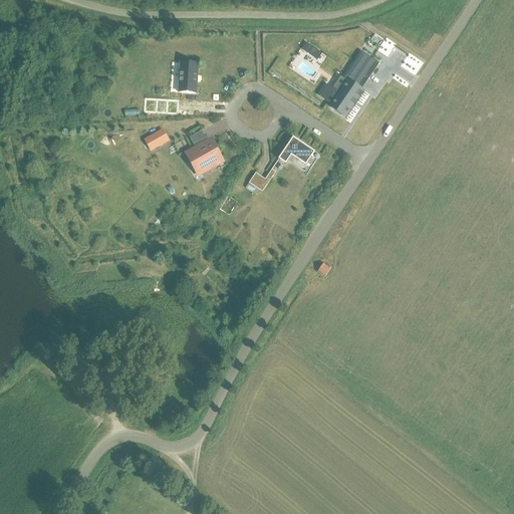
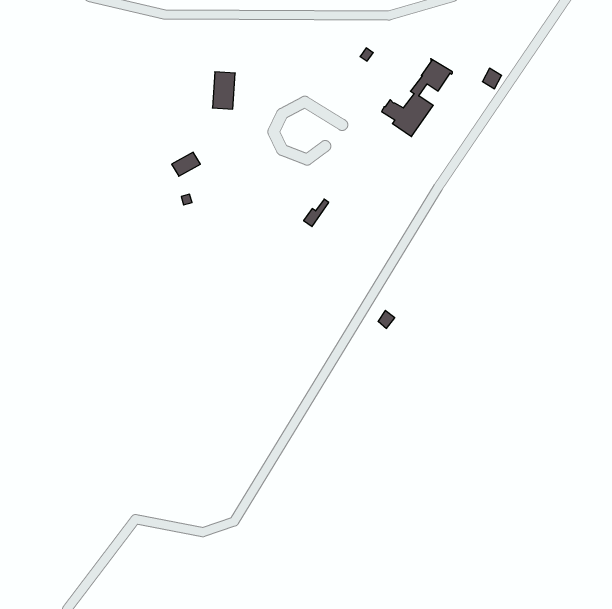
building: [277,136,318,173] -> none
building: [190,141,221,168] -> none

